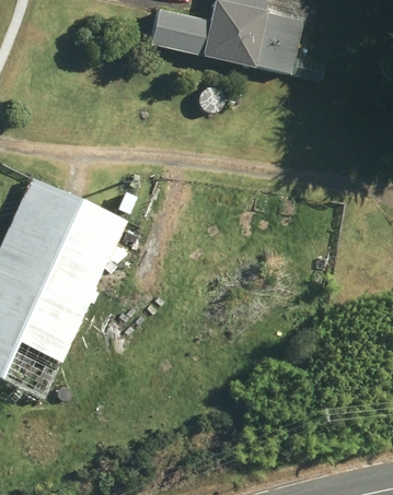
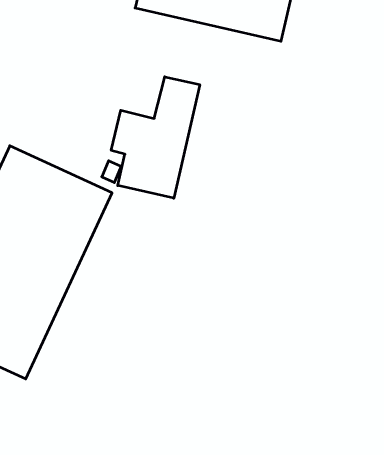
building: none -> [111,77,200,198]

